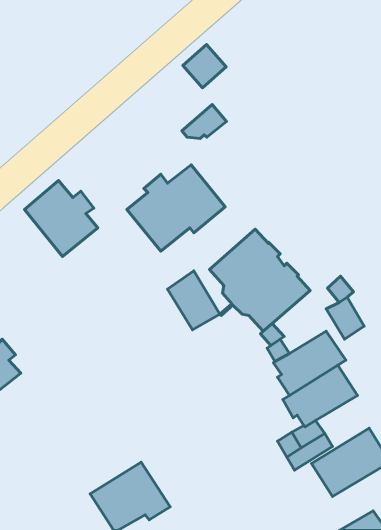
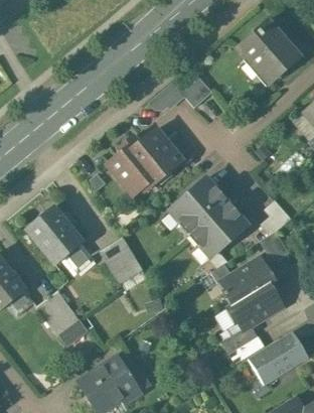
building: none -> [234,19,296,82]
building: [183,45,226,88] -> [179,76,212,109]
building: [24,181,98,257] -> [25,206,82,265]
building: [167,271,220,330] -> [103,237,143,282]
building: none -> [37,289,89,346]

